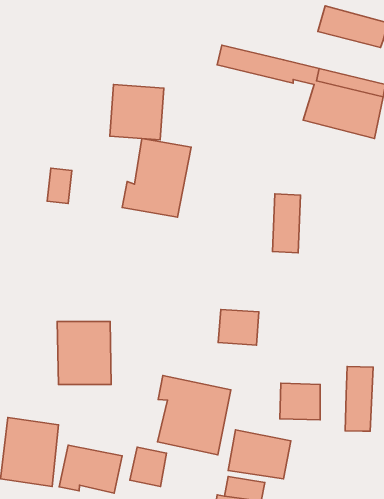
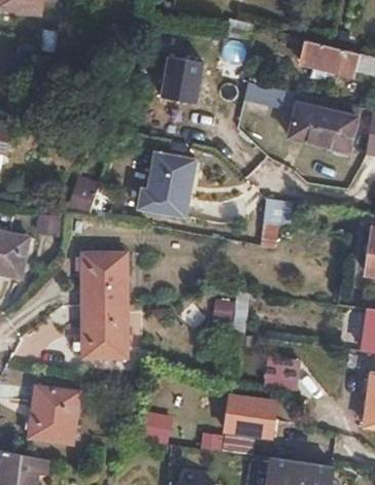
building: [110,85,164,140] -> [165,57,210,103]
building: none -> [81,252,126,305]
building: [345,367,373,431] -> none
building: [157,375,231,455] -> none
building: [59,445,122,493] -> none

